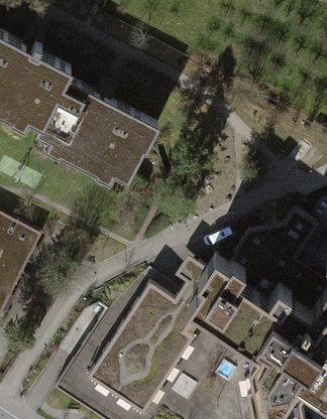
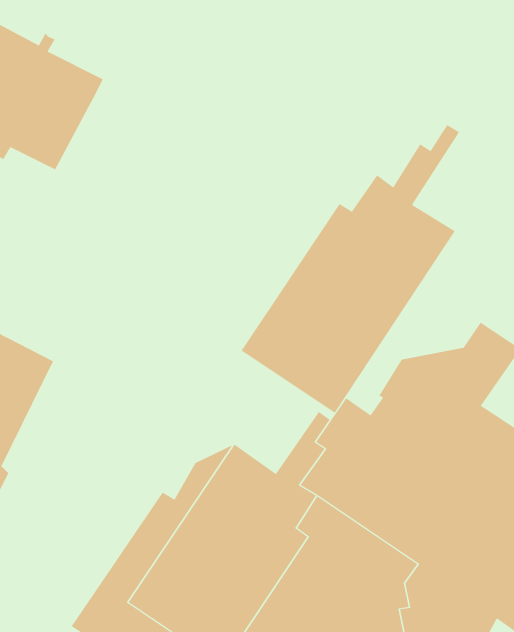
building: [37,78,157,177] -> none
building: none -> [241,124,460,413]

